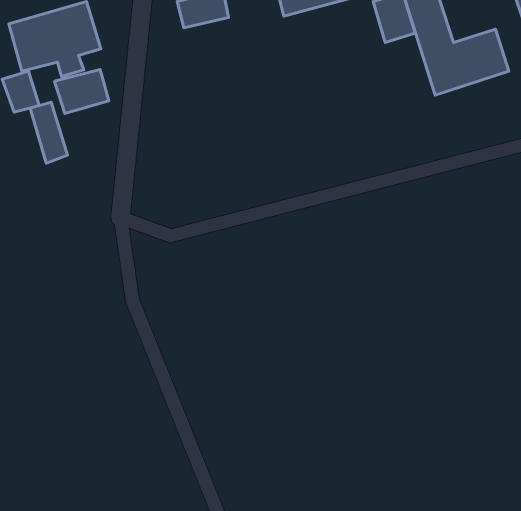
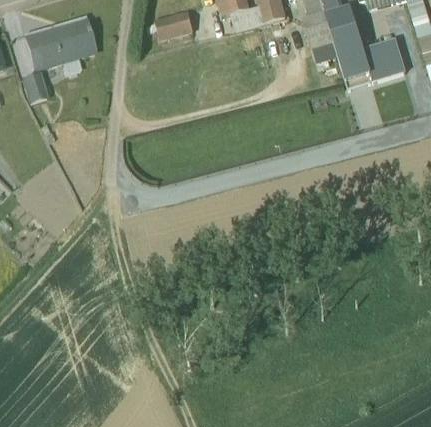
building: [54,70,109,113] -> none
building: [30,102,68,163] -> none

